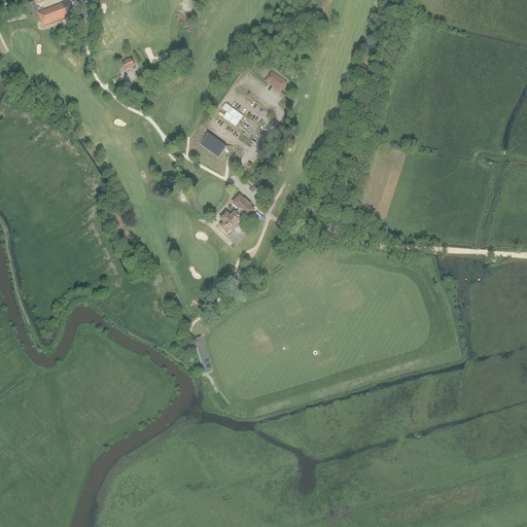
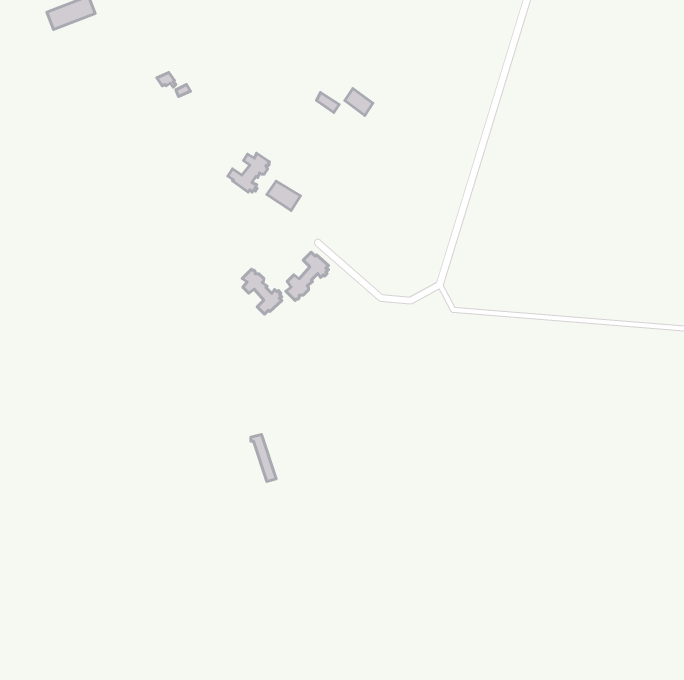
building: none -> [228,153,270,192]
building: none -> [242,269,282,314]

